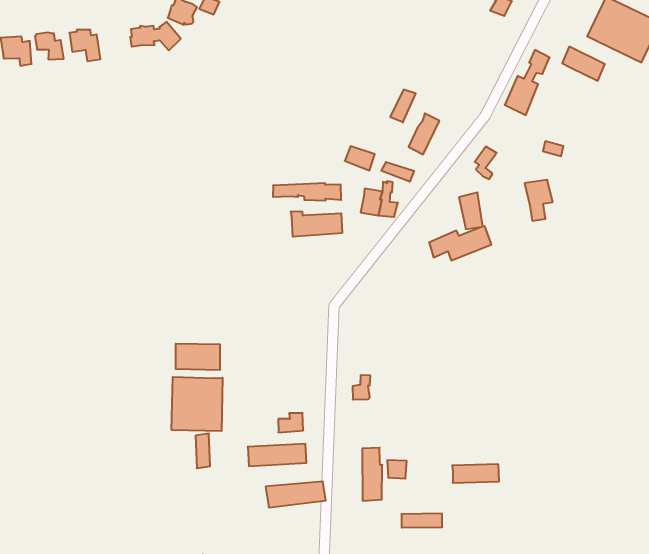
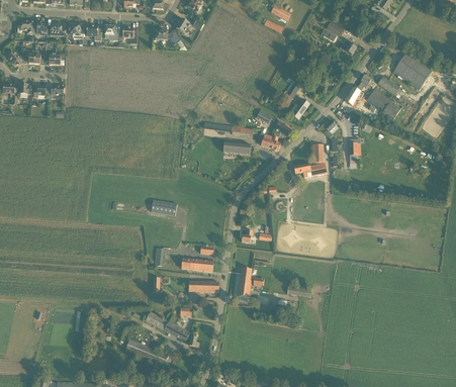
building: none -> [366,88,401,118]
building: [172,377,223,431] -> none

